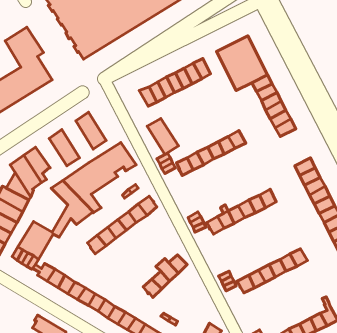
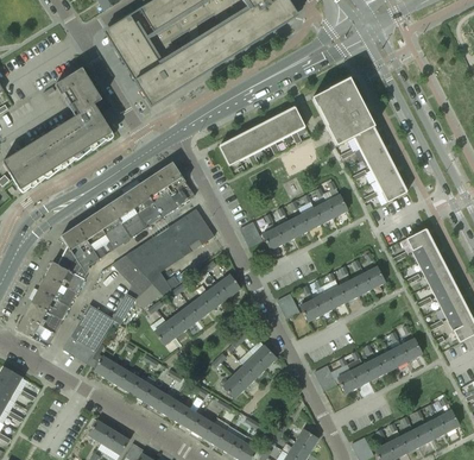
building: [147,118,179,155] -> [157,162,195,206]
building: none -> [125,182,163,227]
building: none -> [93,203,131,247]

